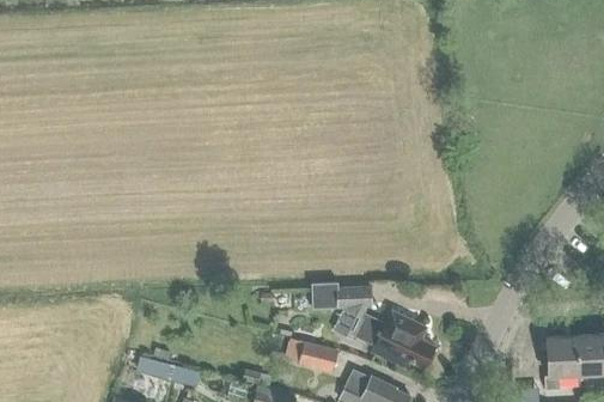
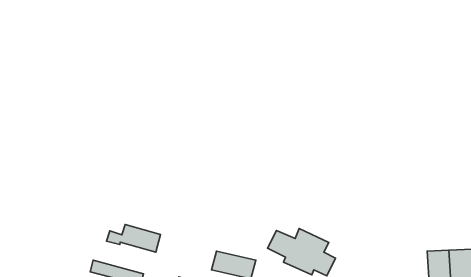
building: [312,282,371,309] -> none
building: none -> [106,224,161,252]

